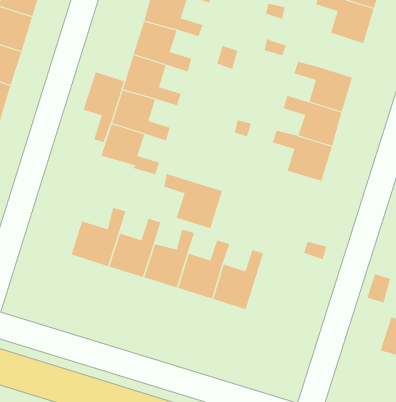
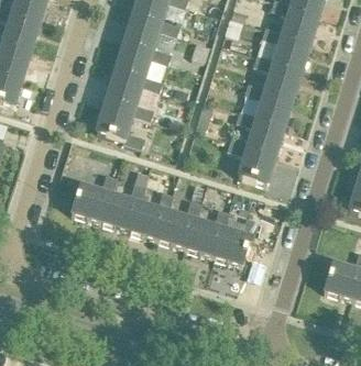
building: none -> [262,25,310,67]
building: [83,72,125,143] -> none
building: [164,173,223,229] -> [228,137,276,182]
building: none -> [215,215,258,264]

